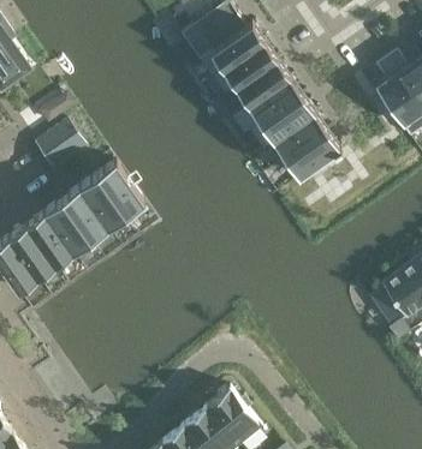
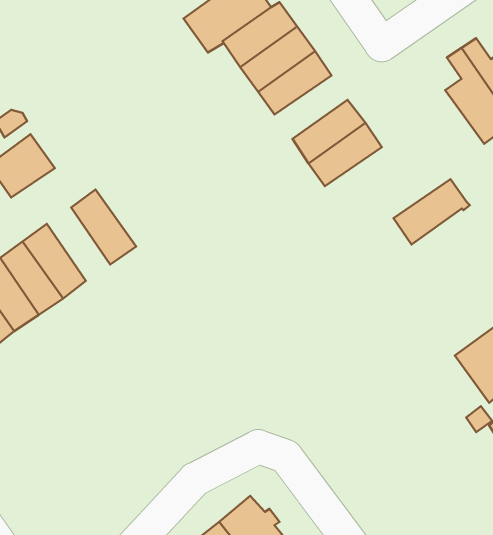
building: [246,77,301,124] -> none
building: [284,130,340,178] -> [394,179,470,244]
building: [78,174,125,228] -> none

